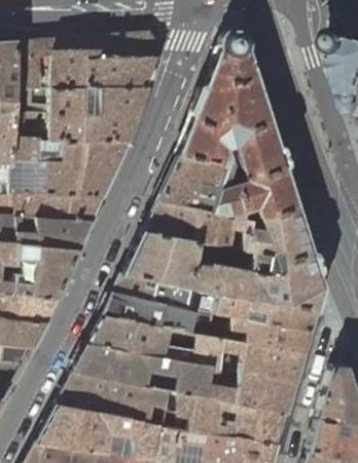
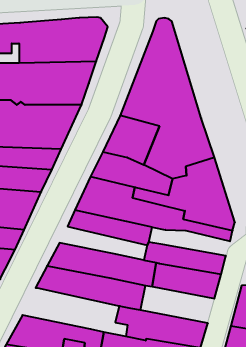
building: [102,293,212,335] -> none
building: [214,294,316,330] -> none
building: [204,366,296,414] -> none
building: [56,370,178,425] -> none

